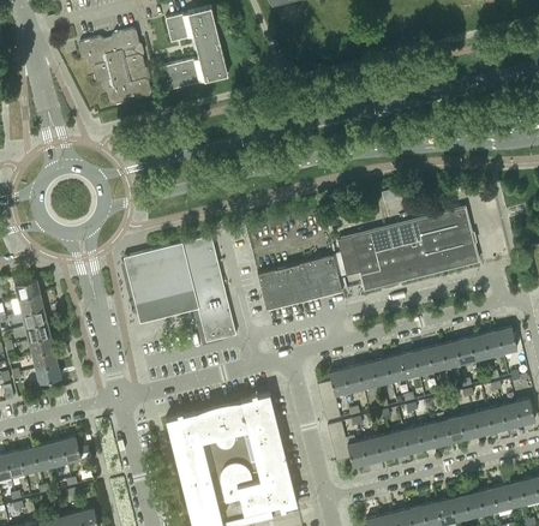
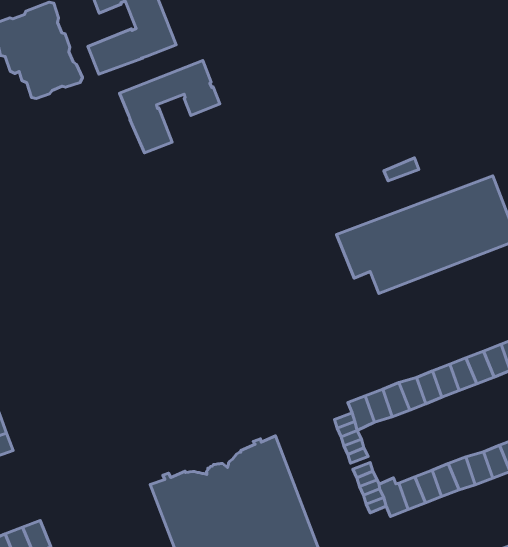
building: none -> [120,61,220,153]
building: [124,237,235,343] -> none
building: [257,256,342,311] -> none

